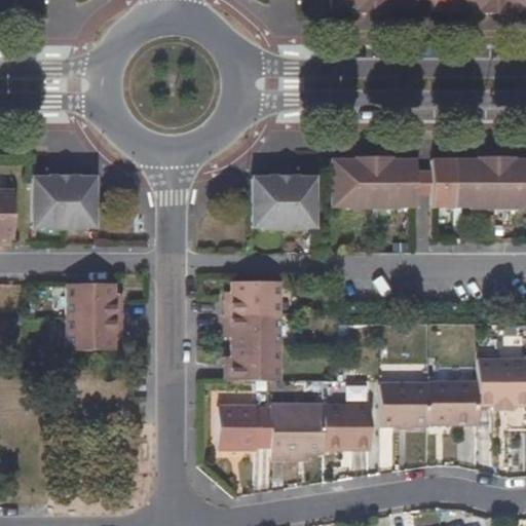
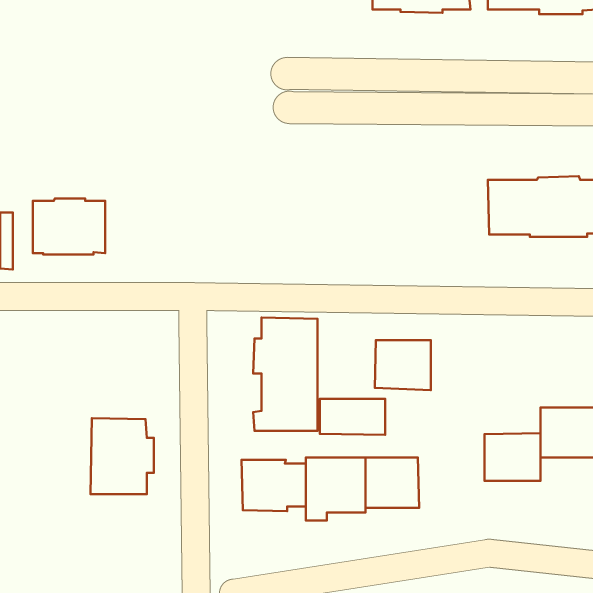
building: [332,155,415,208] -> none
building: [253,174,316,228] -> none
building: [66,283,121,349] -> [91,418,154,494]
building: none -> [320,399,385,435]
building: [380,382,429,426] -> [375,340,431,390]

